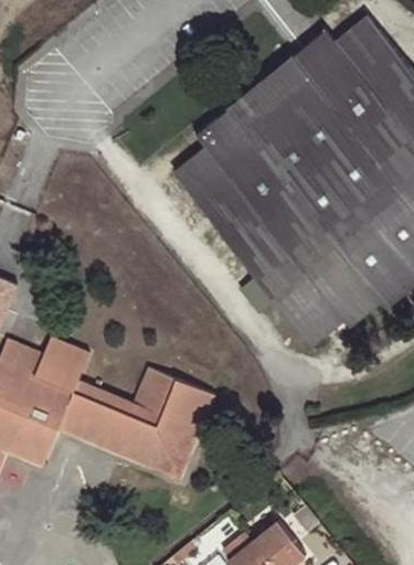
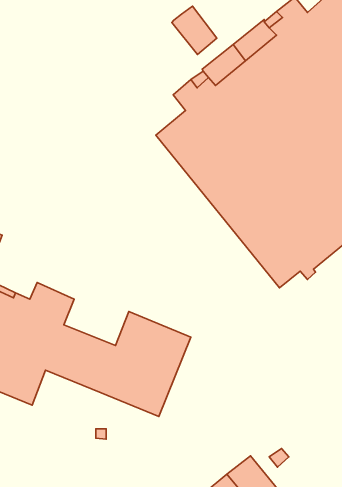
building: none -> [172,6,217,54]

